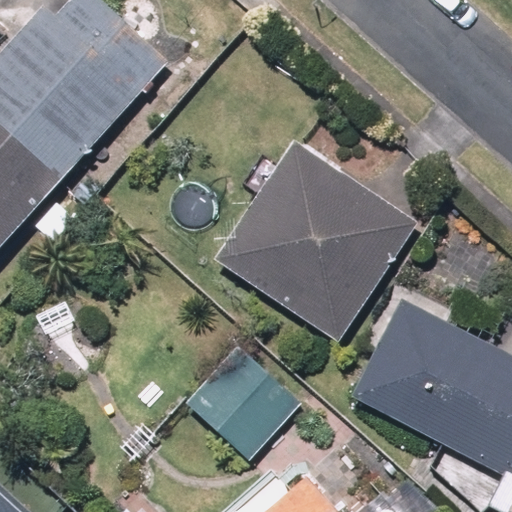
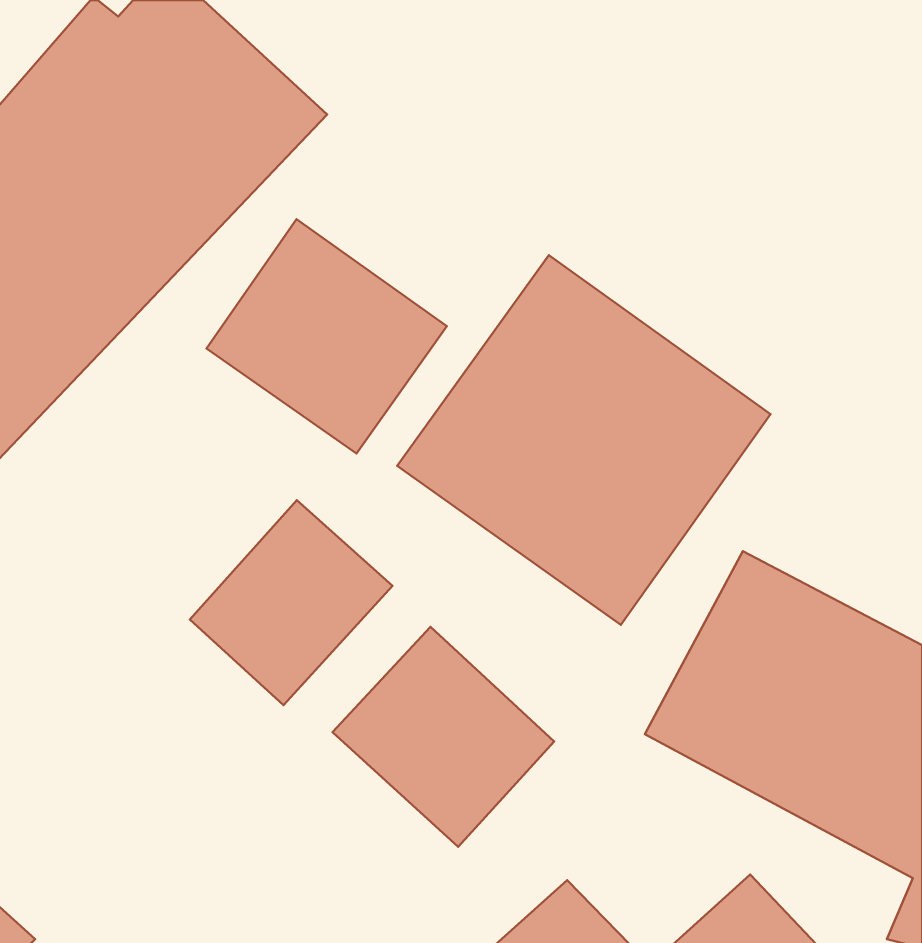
building: none -> [207,219,447,454]
building: none -> [190,500,392,705]

